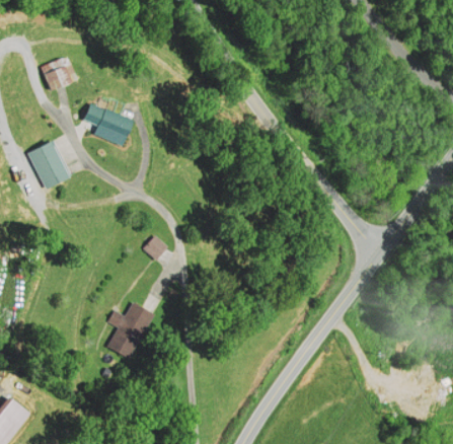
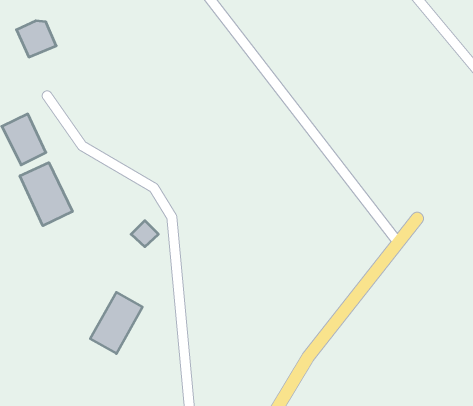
building: [82,102,132,143] -> none
building: none -> [20,163,72,226]

